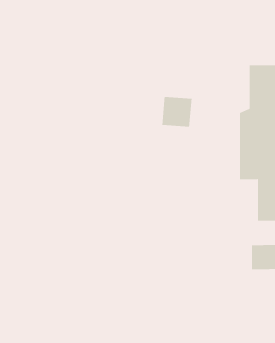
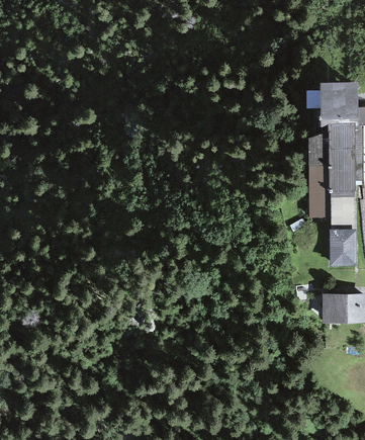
building: [162,96,192,127] -> none

